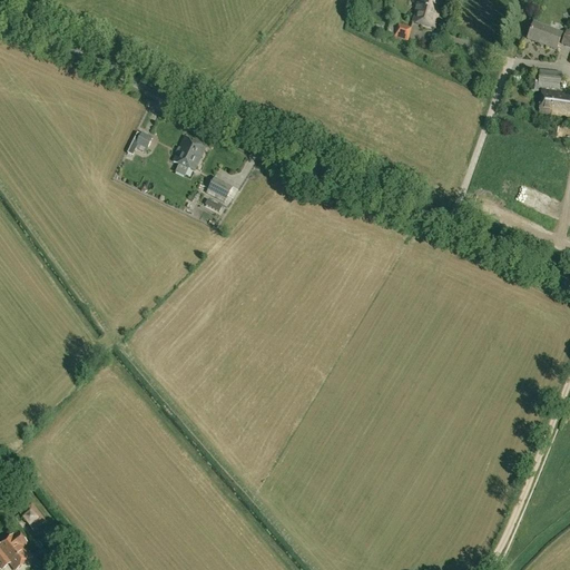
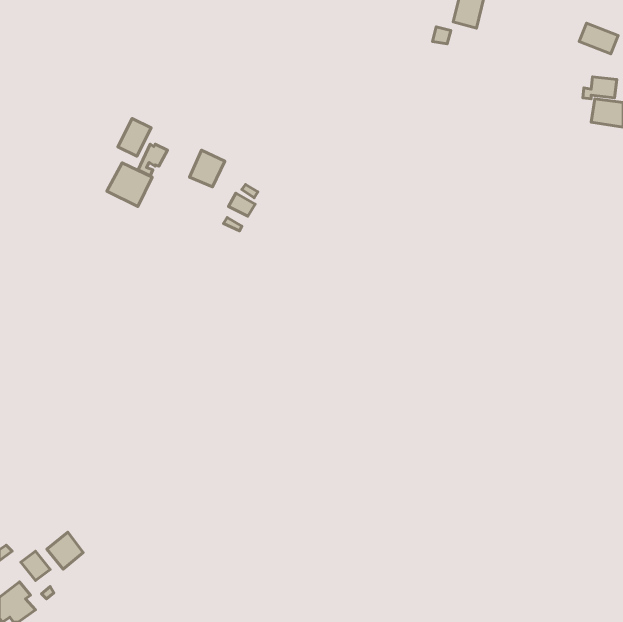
building: none -> [118,119,151,156]
building: none -> [107,163,152,207]
building: none -> [47,532,83,569]

